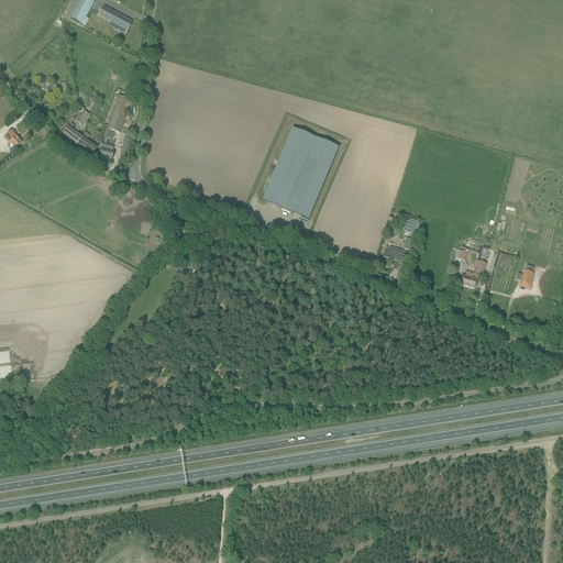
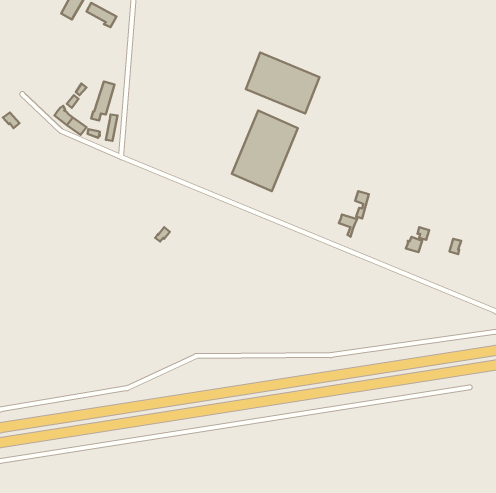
building: none -> [246,52,320,114]

